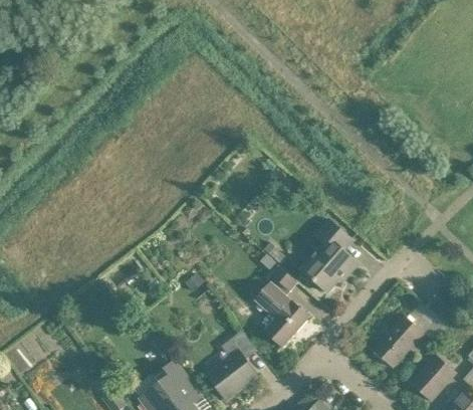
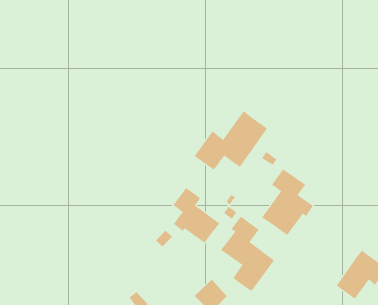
building: none -> [194,110,268,170]
building: none -> [172,187,220,243]

